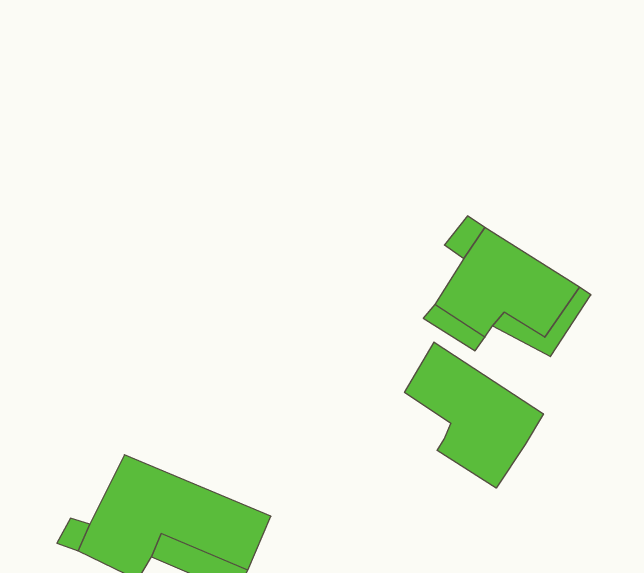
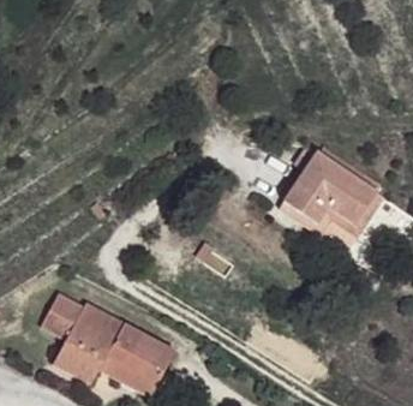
building: [405,342,543,488] -> none

